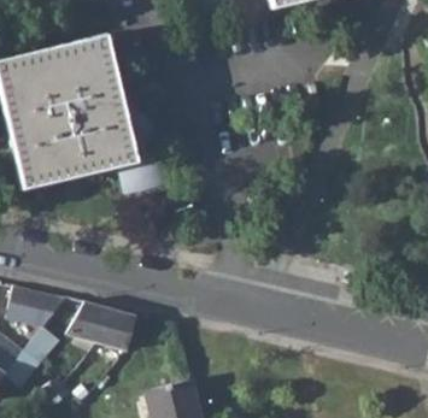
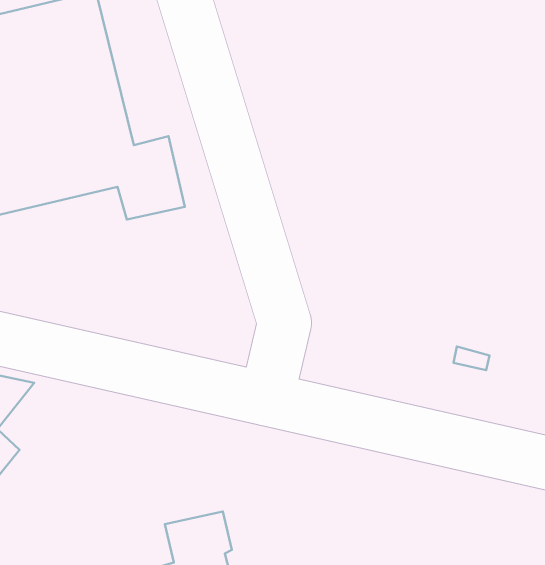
building: [66,301,136,351] -> none

